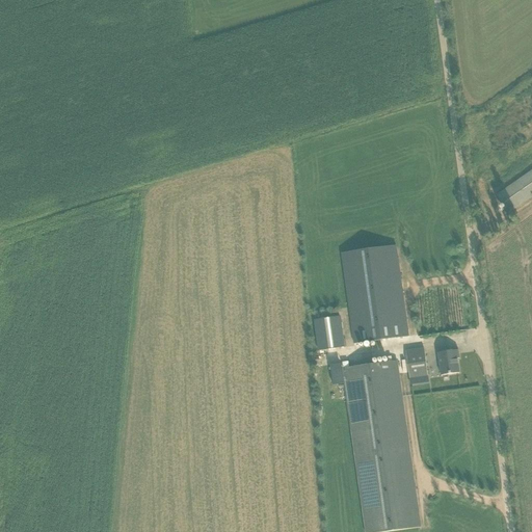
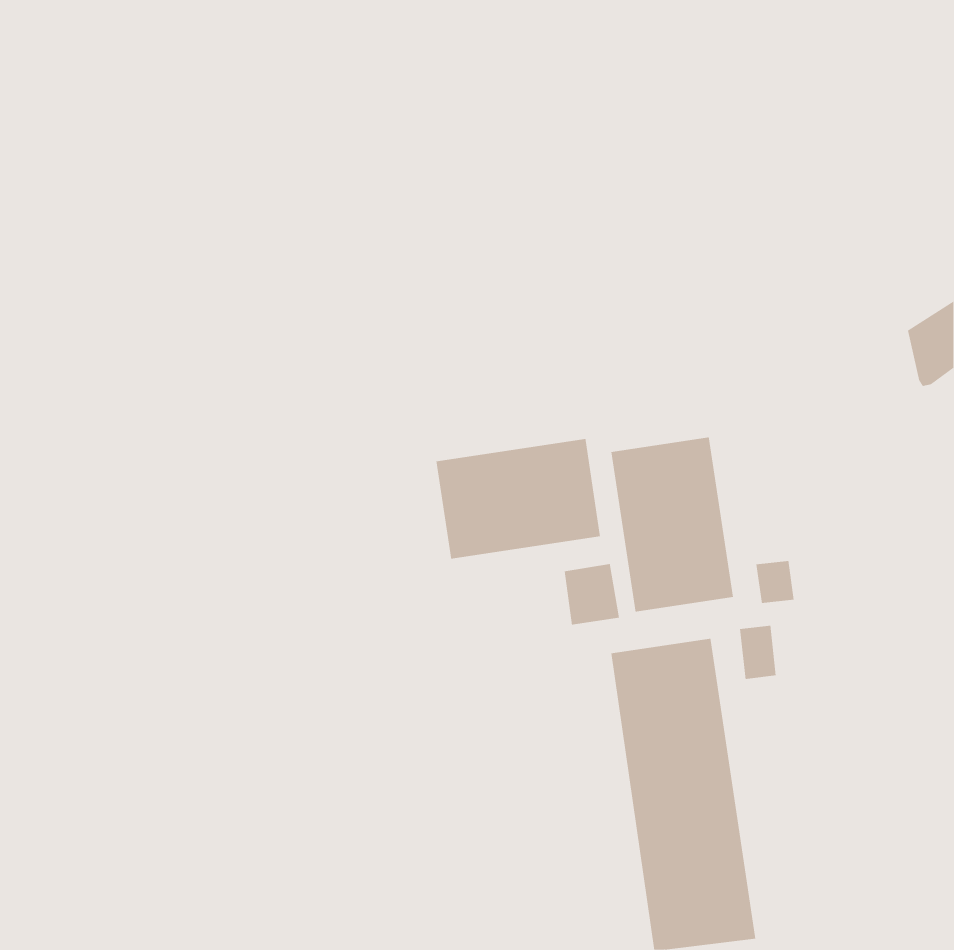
building: none -> [436,438,601,559]
building: [437,349,459,373] -> [755,560,795,603]

